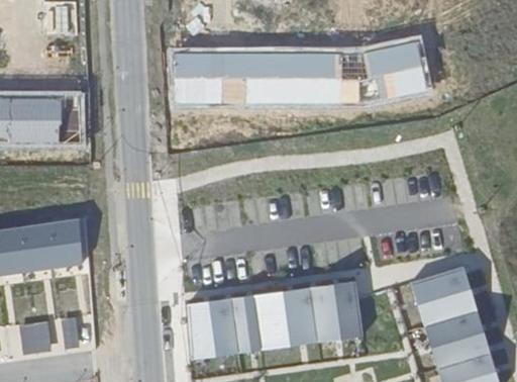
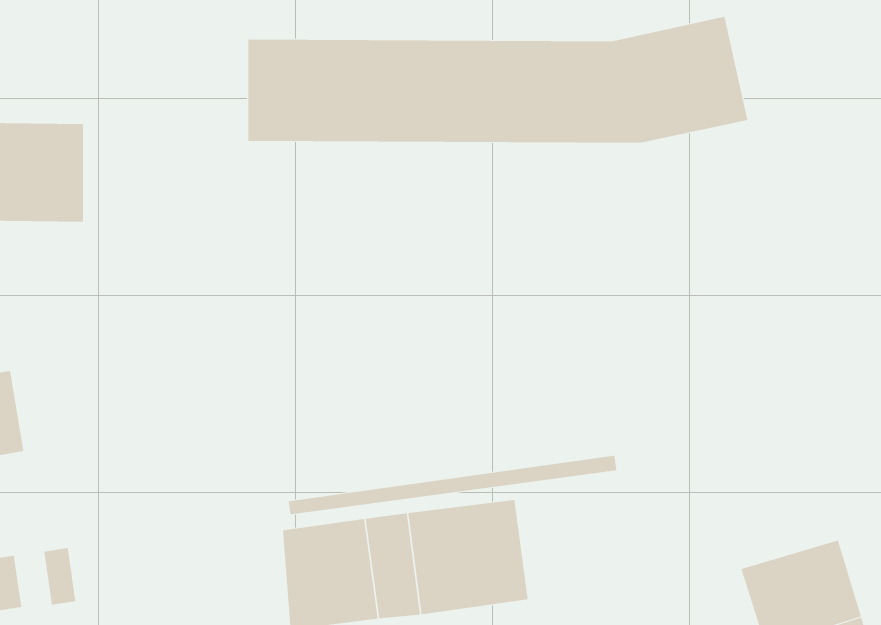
building: [43,219,79,266] -> none
building: [413,268,478,327] -> none
building: [308,285,359,344] -> none

